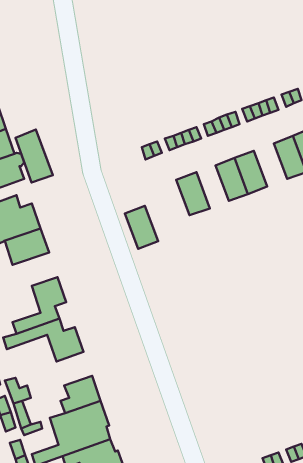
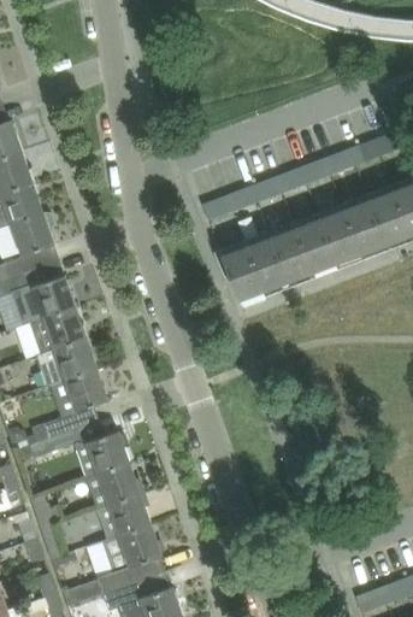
building: [15,129,53,183] -> none
building: none -> [342,200,384,254]
building: none -> [270,228,311,282]
building: [125,206,158,249] -> [219,246,261,300]
building: none -> [34,337,95,386]
building: none -> [94,463,138,505]

